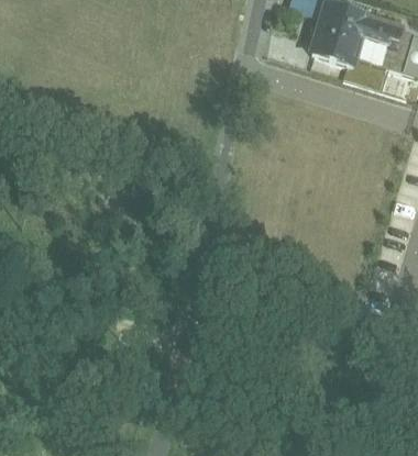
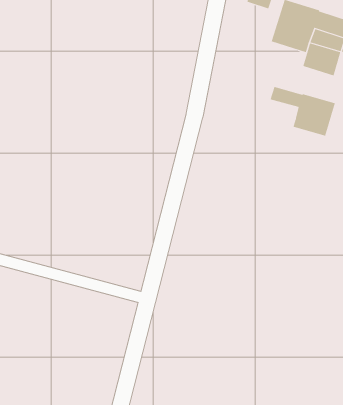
building: none -> [270,86,335,137]

